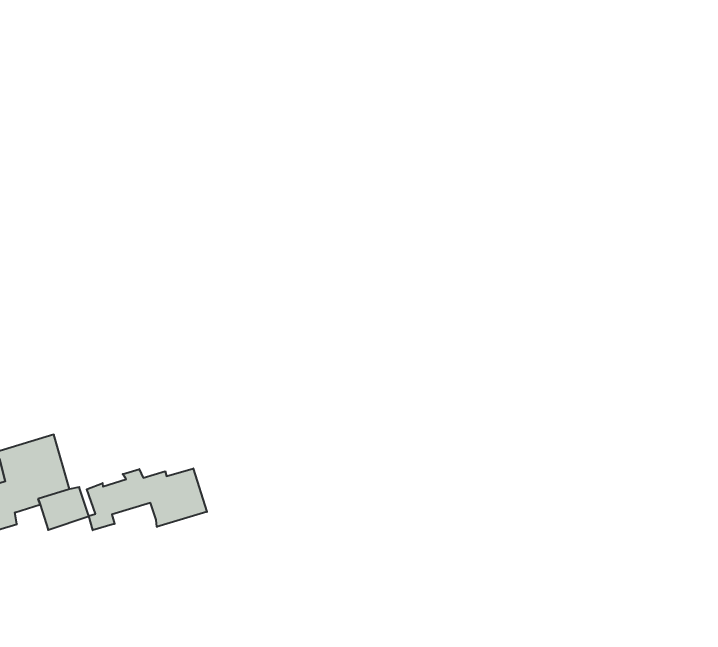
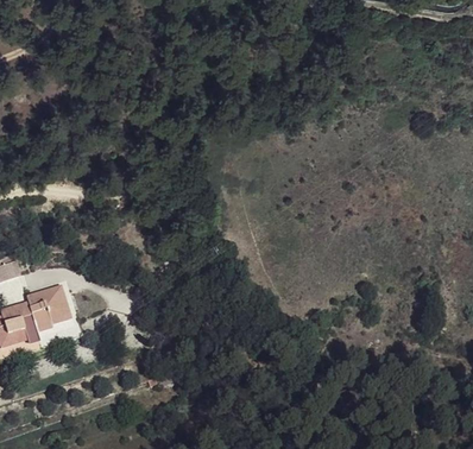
building: [87,468,207,530] -> none

